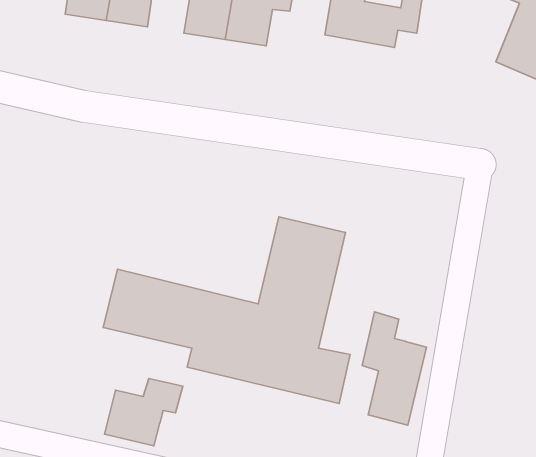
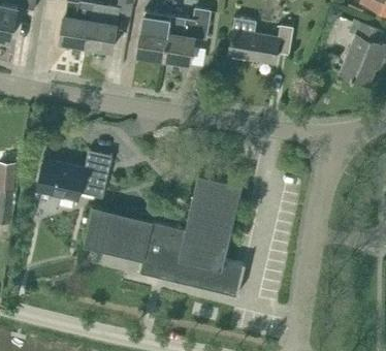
building: none -> [36,151,111,200]
building: [362,312,426,425] -> none
building: [104,378,183,446] -> none

